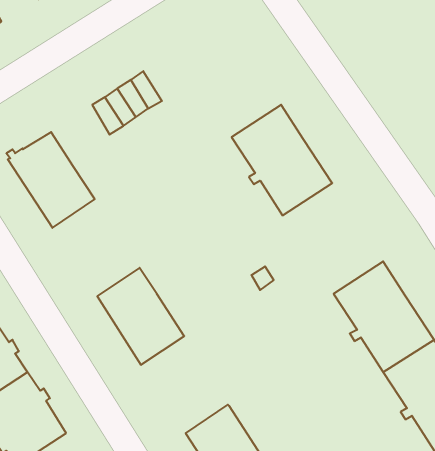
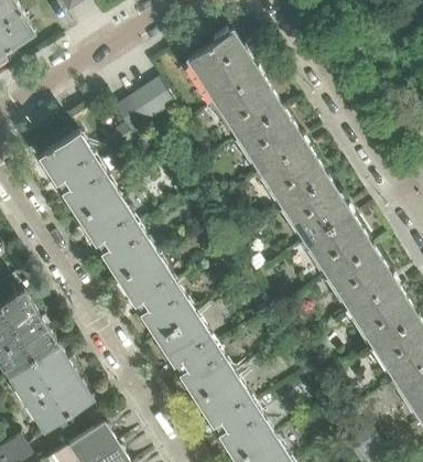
building: none -> [187,31,282,138]
building: none -> [283,179,372,277]
building: none -> [79,193,156,279]
building: none -> [158,314,235,400]

